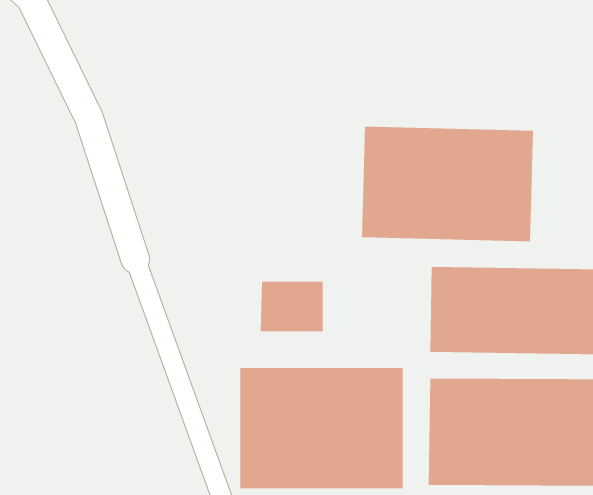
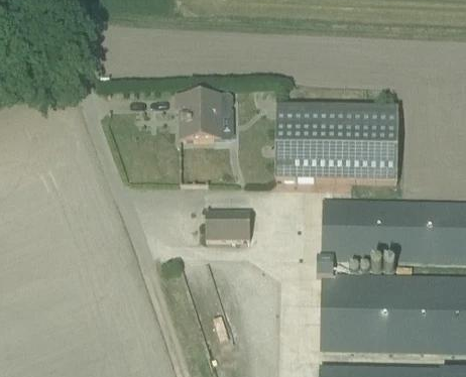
building: none -> [180,101,237,148]
building: [240,367,403,489] -> none

